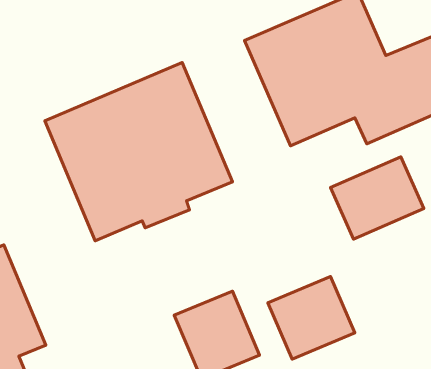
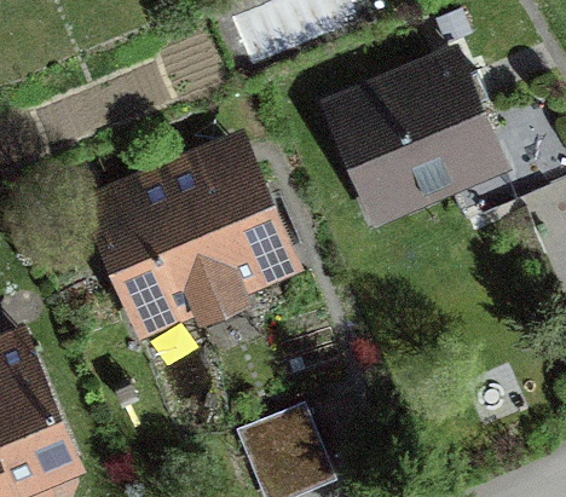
building: [331,157,424,239] -> none
building: [268,276,355,359] -> none

